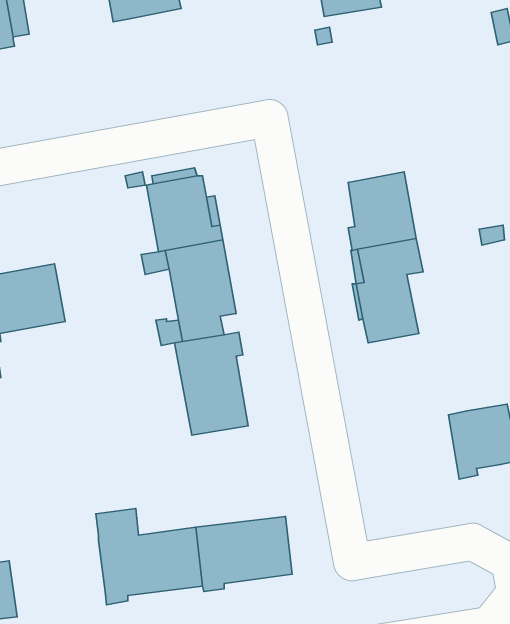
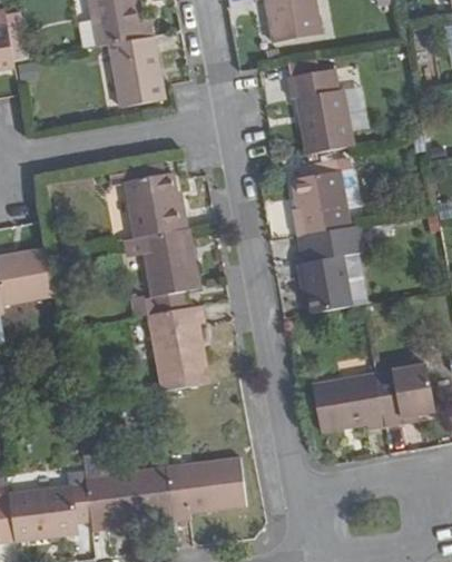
building: none -> [109,34,165,107]
building: none -> [287,69,369,155]
building: none -> [312,372,385,431]
building: none -> [10,473,90,541]

